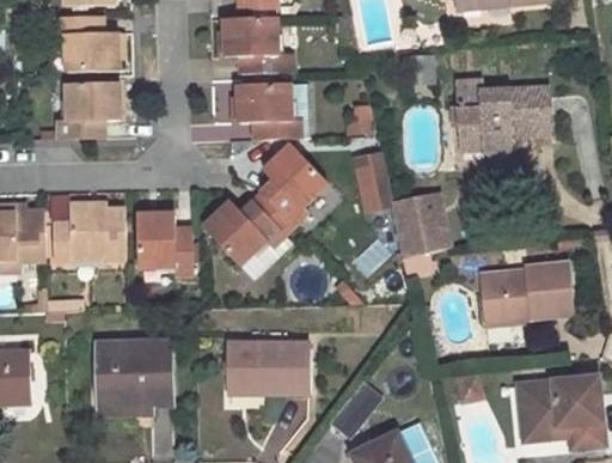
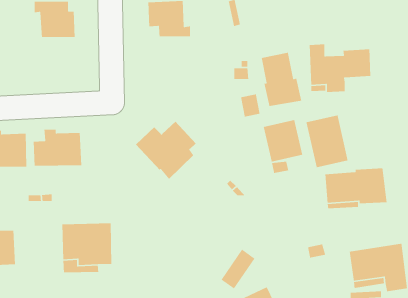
building: [59,83,120,139] -> none
building: [235,84,307,139] -> none
building: none -> [261,52,302,107]
building: [263,147,328,226] -> none
building: none -> [306,114,349,168]
building: [136,214,192,275] -> none
building: [228,342,307,394] -> none

